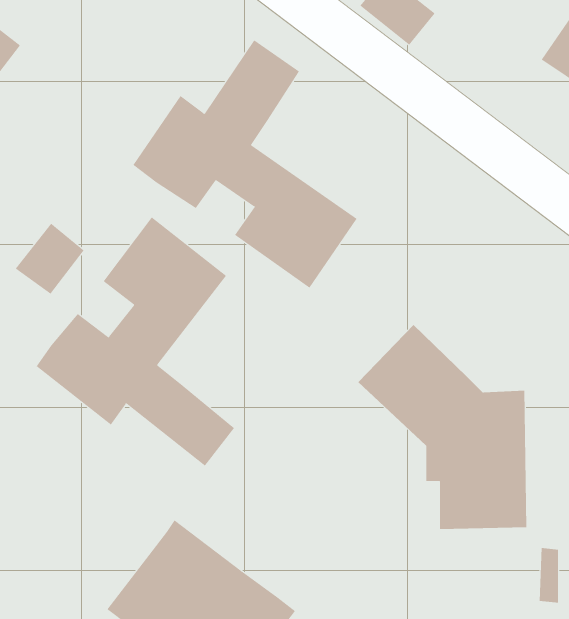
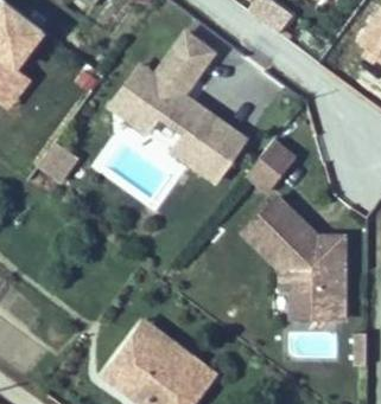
building: [36,217,235,466] -> none
building: none -> [248,146,298,197]

